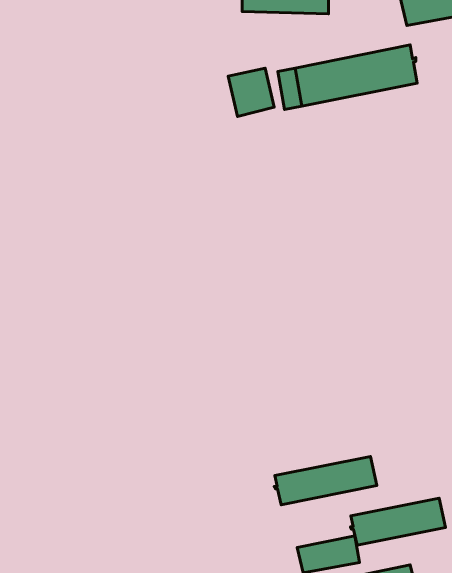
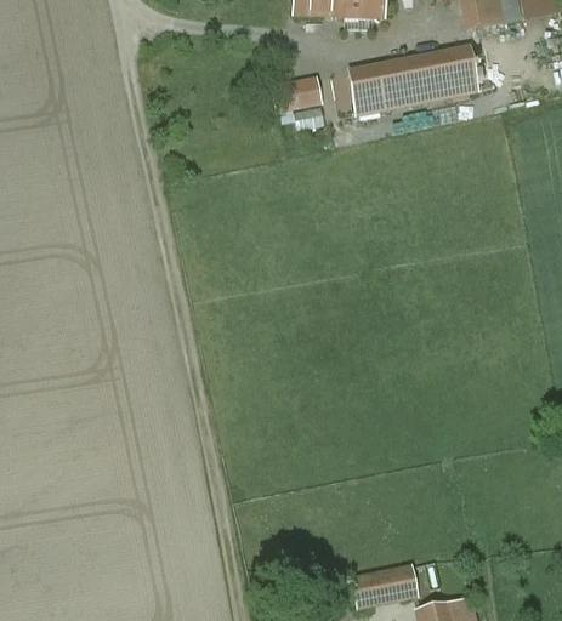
building: [274,456,377,505] -> none
building: [350,498,446,545] -> none

